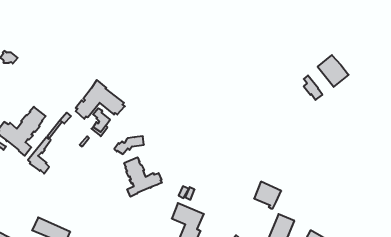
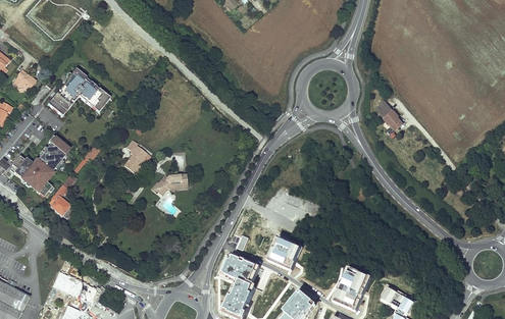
building: [318,55,349,87] -> none
building: [76,80,125,119] -> [49,67,108,114]
building: [124,157,162,197] -> none
building: [254,182,281,209] -> [268,237,301,270]

